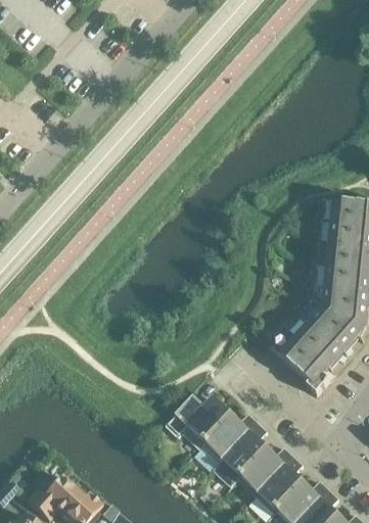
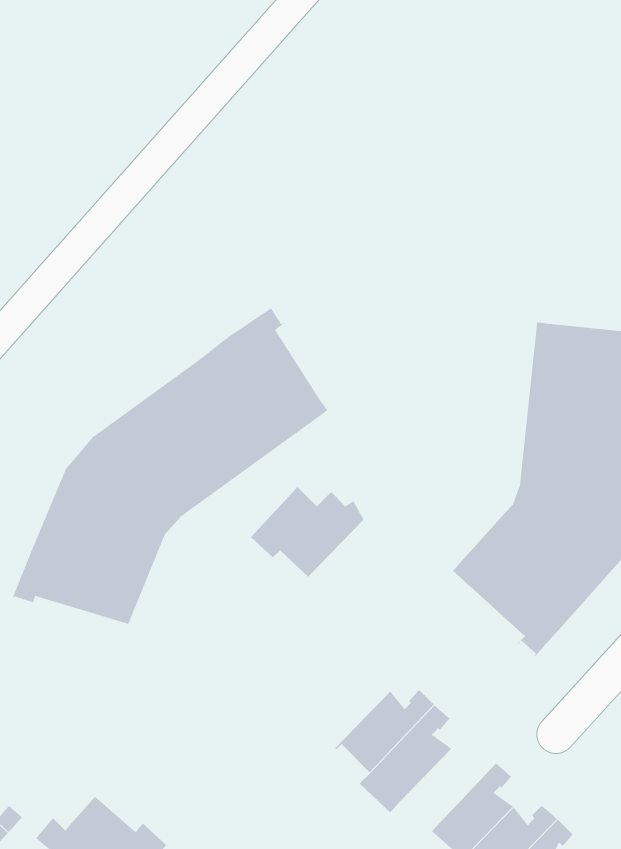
building: none -> [11,305,328,625]
building: [166,394,232,447] -> [250,486,364,577]
building: [238,446,293,495] -> none

